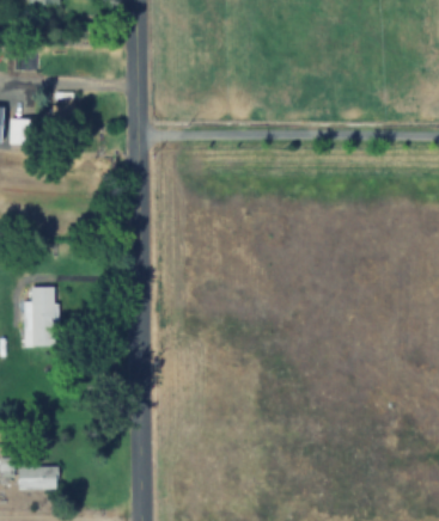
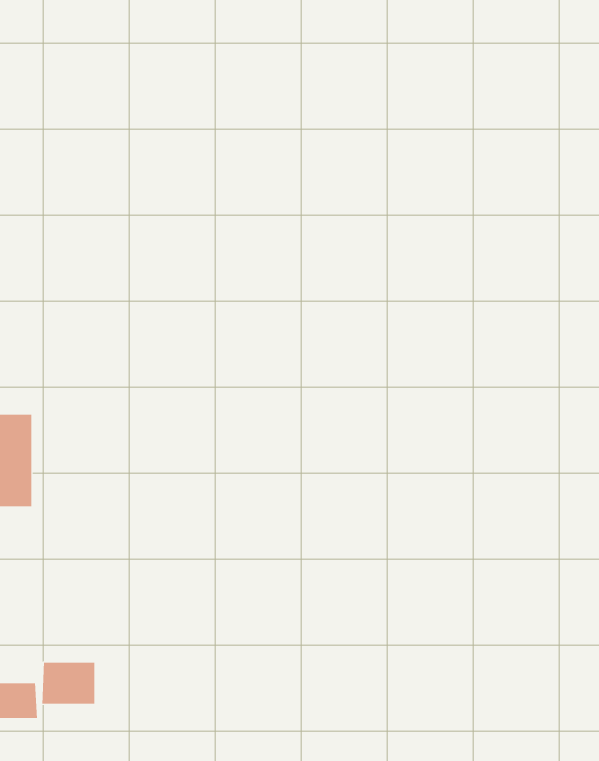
building: none -> [42,662,95,704]

